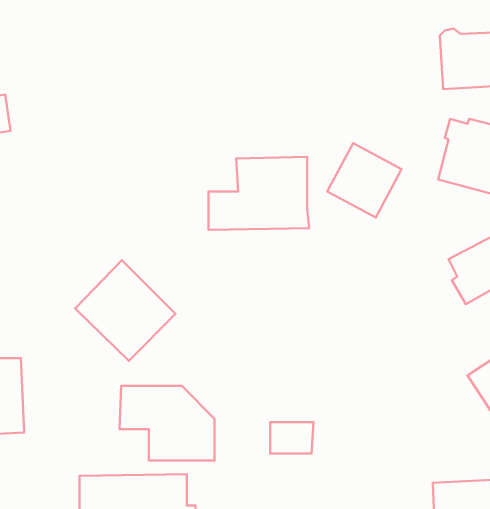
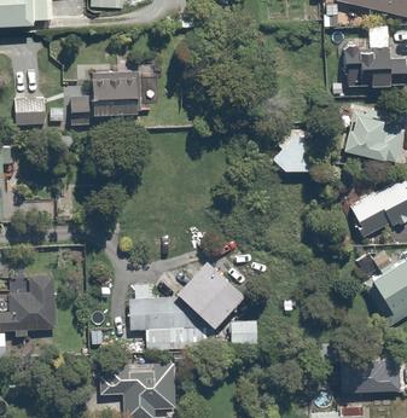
building: [209,157,309,230] -> [70,70,140,121]
building: [75,260,175,361] -> [171,254,242,324]

